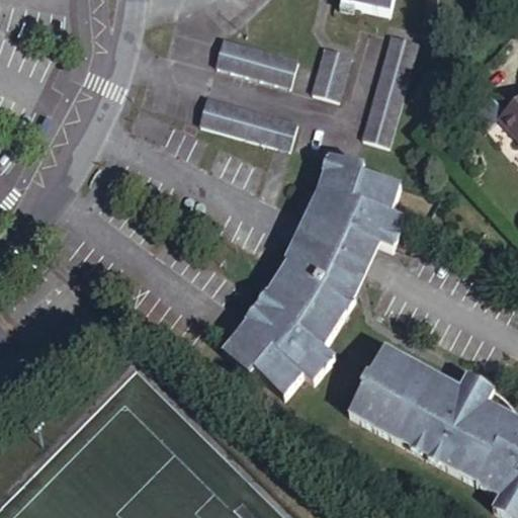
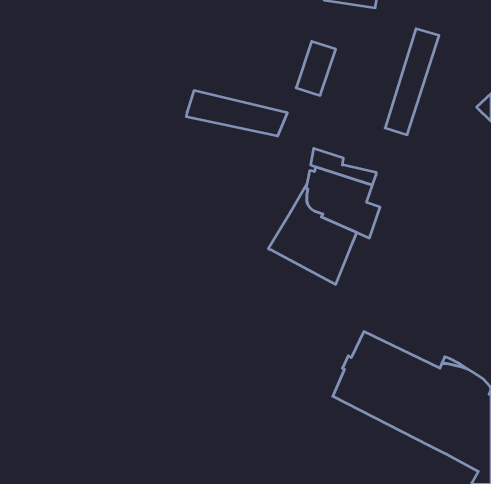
building: [364,28,421,140] -> [385,29,439,135]
building: [212,35,296,85] -> none
building: [225,262,352,399] -> none

